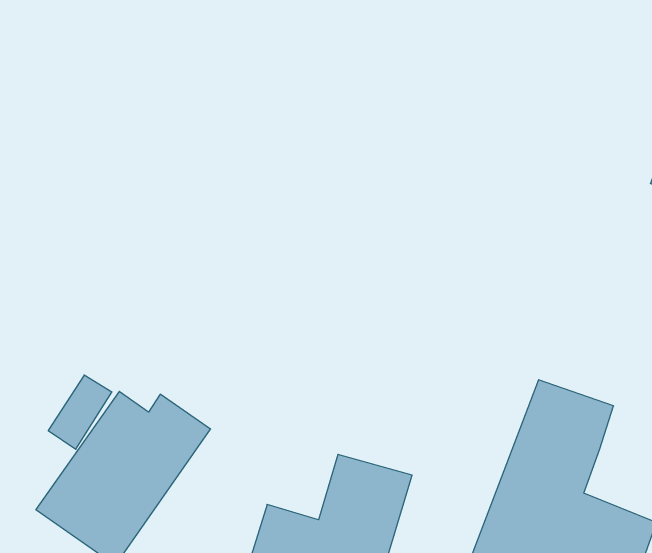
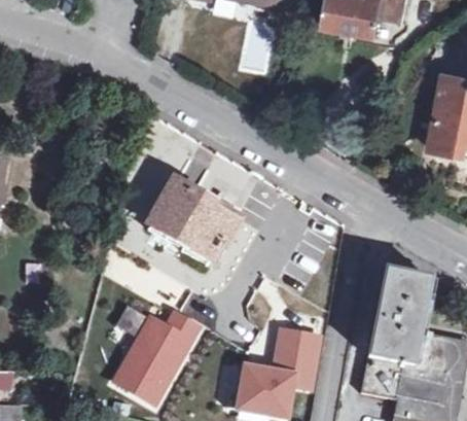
building: none -> [147,180,233,262]

